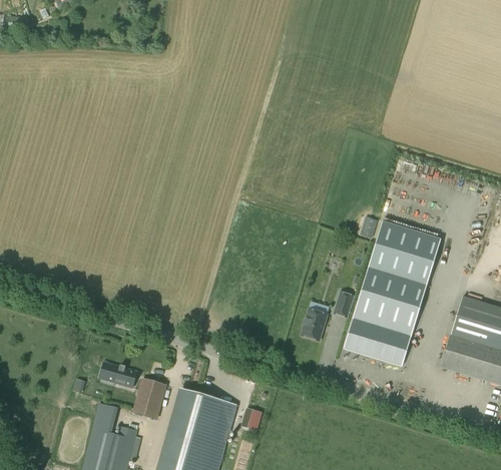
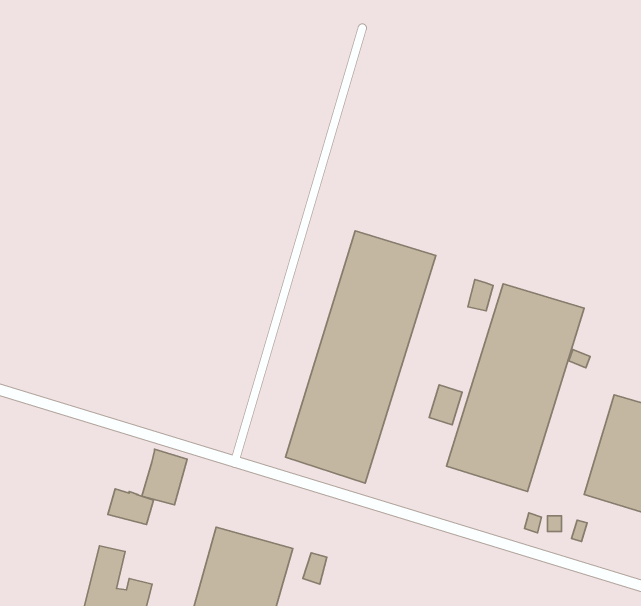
building: none -> [285,231,436,483]
building: [301,309,327,340] -> none
building: [133,379,165,418] -> [142,449,187,505]

